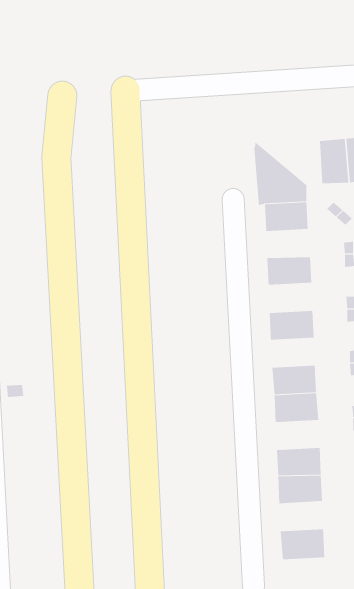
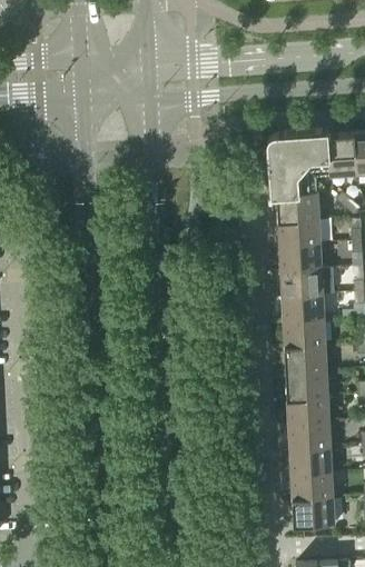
building: none -> [269,130,331,177]
building: none -> [278,218,320,245]
building: none -> [280,268,334,296]
building: none -> [283,319,325,347]
building: none -> [287,396,329,424]
building: none -> [290,471,333,499]

